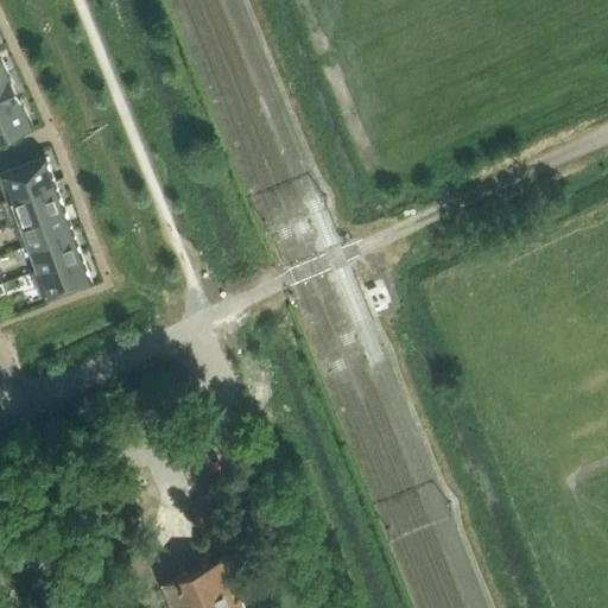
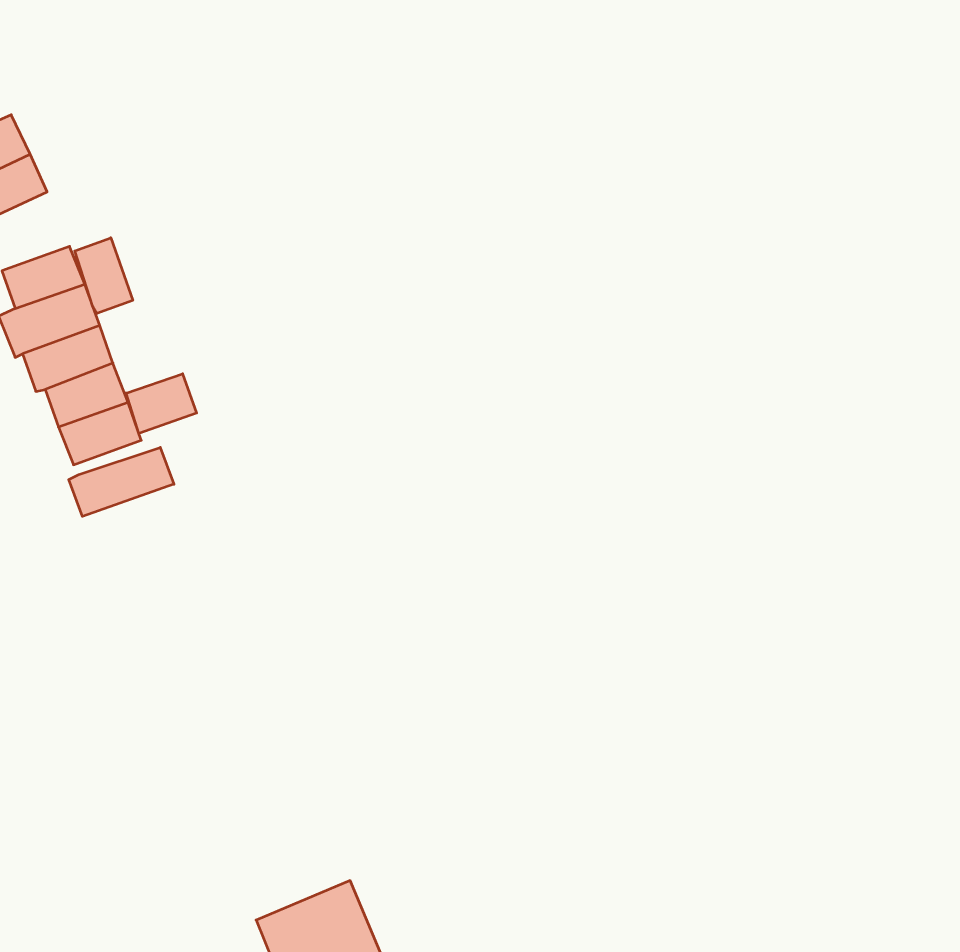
building: none -> [75,238,133,314]
building: none -> [126,374,197,433]
building: none -> [69,447,174,516]

